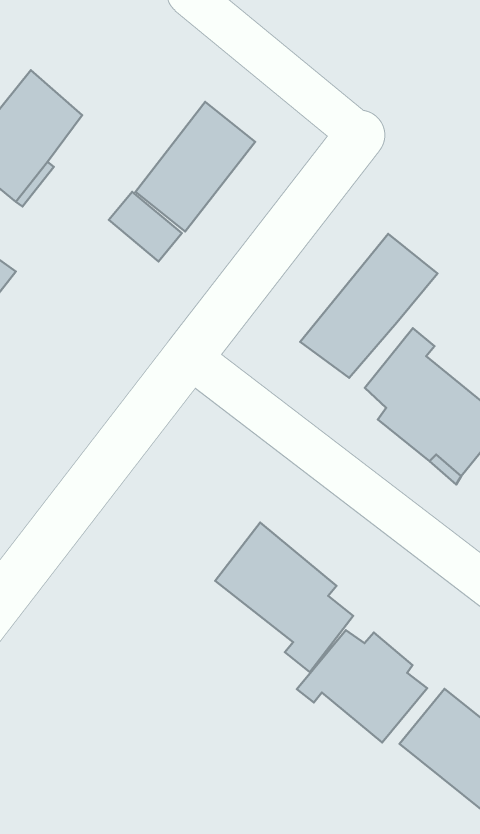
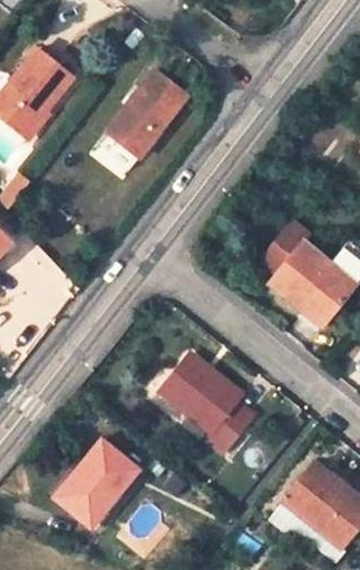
building: [300,234,437,378] -> none
building: [297,630,427,743] -> none
building: none -> [53,439,138,524]

